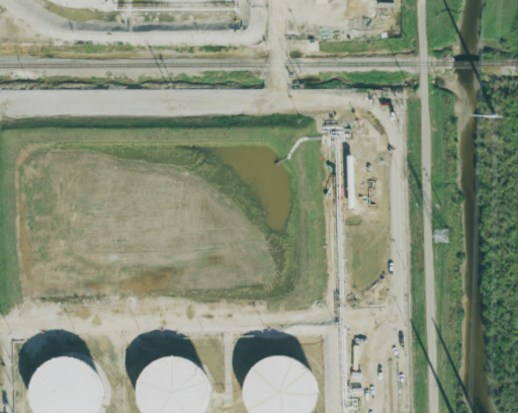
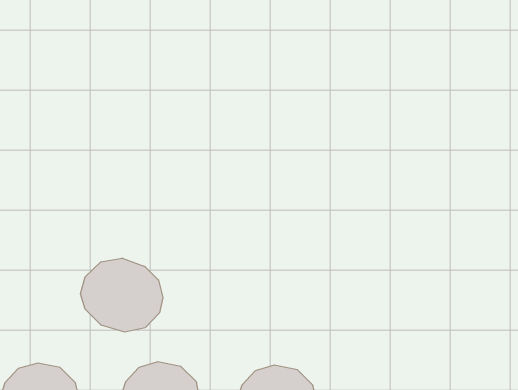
building: none -> [81,258,163,332]

